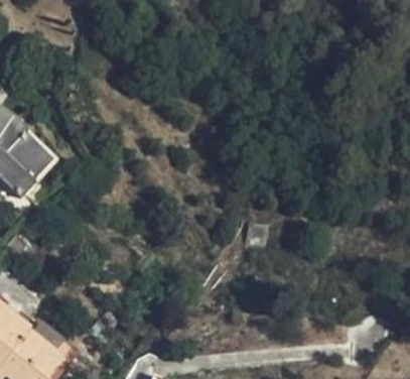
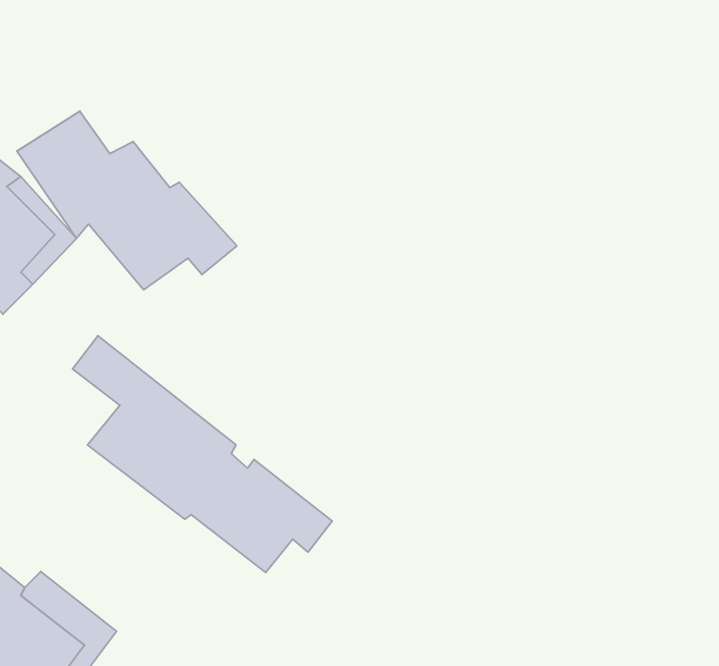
building: none -> [17,111,237,290]
building: none -> [73,336,332,572]

